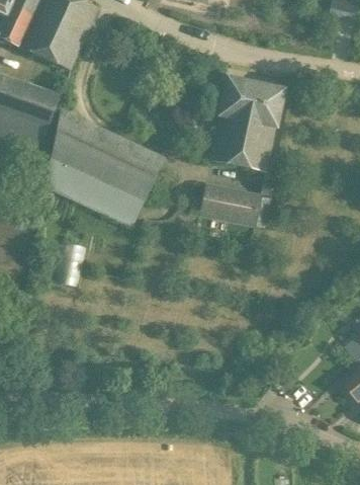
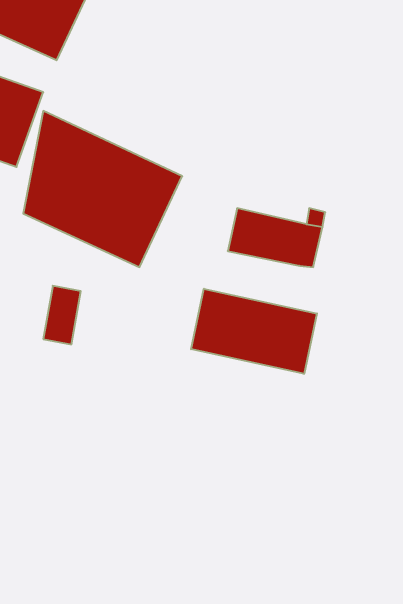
building: [209,77,282,171] -> none
building: none -> [191,289,317,374]

